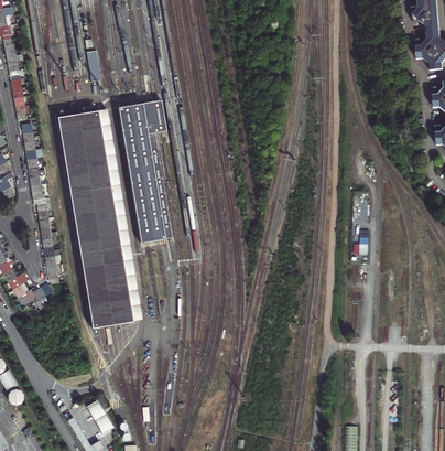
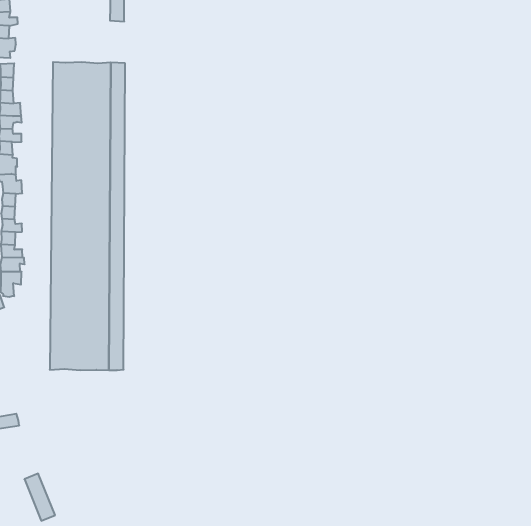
building: [118,100,173,243] -> none

